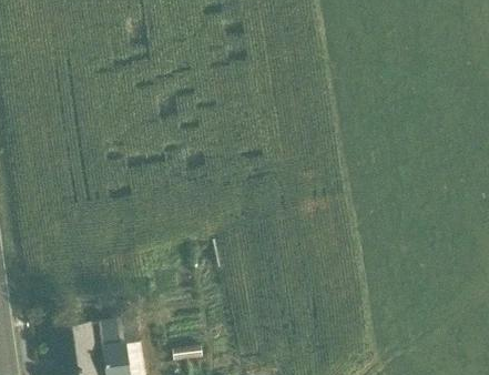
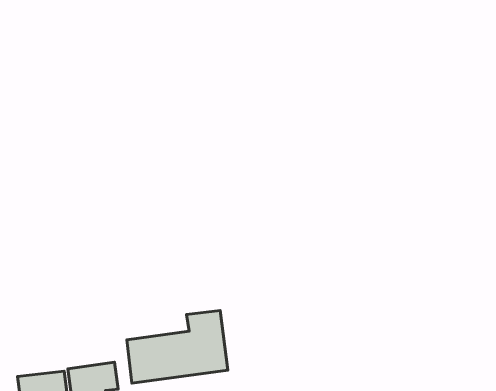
building: none -> [127,310,228,383]

